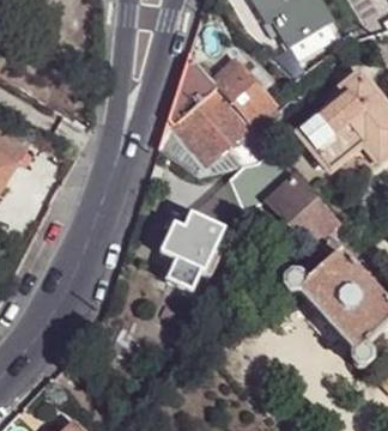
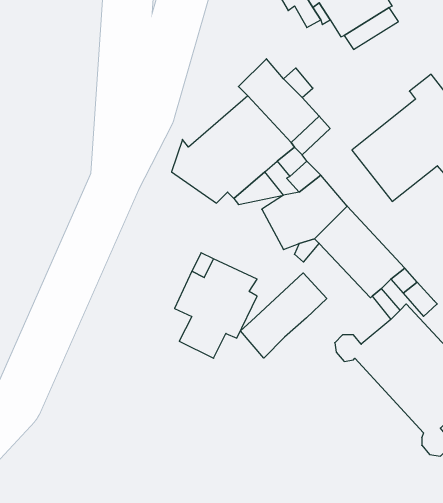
building: [168,55,218,127] -> none
building: none -> [240,273,327,358]

